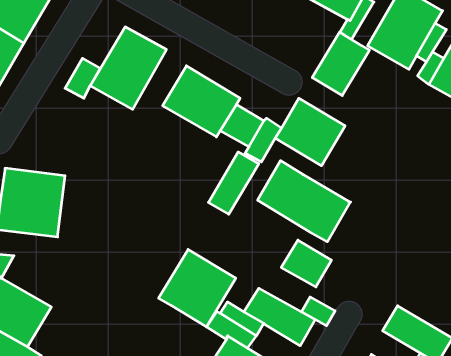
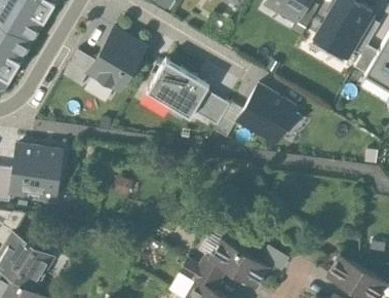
building: [312,32,369,96] -> none
building: [208,152,259,214] -> none
building: [258,161,351,242] -> none
building: [281,240,331,287] -> none
building: [159,249,236,327] -> none

